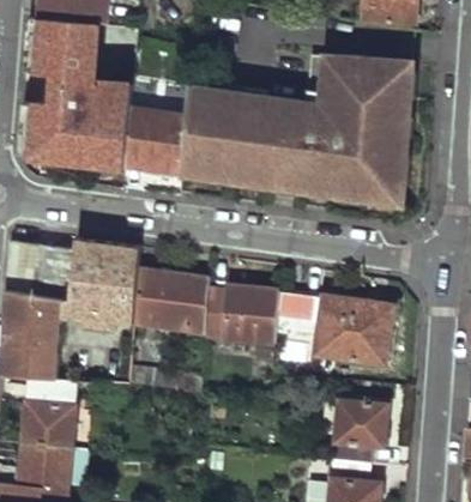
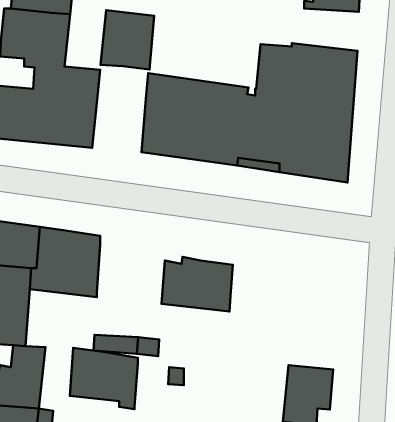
building: [127,109,185,173] -> [101,10,154,69]
building: [132,272,205,338] -> [70,348,138,409]
building: [276,292,391,367] -> none

